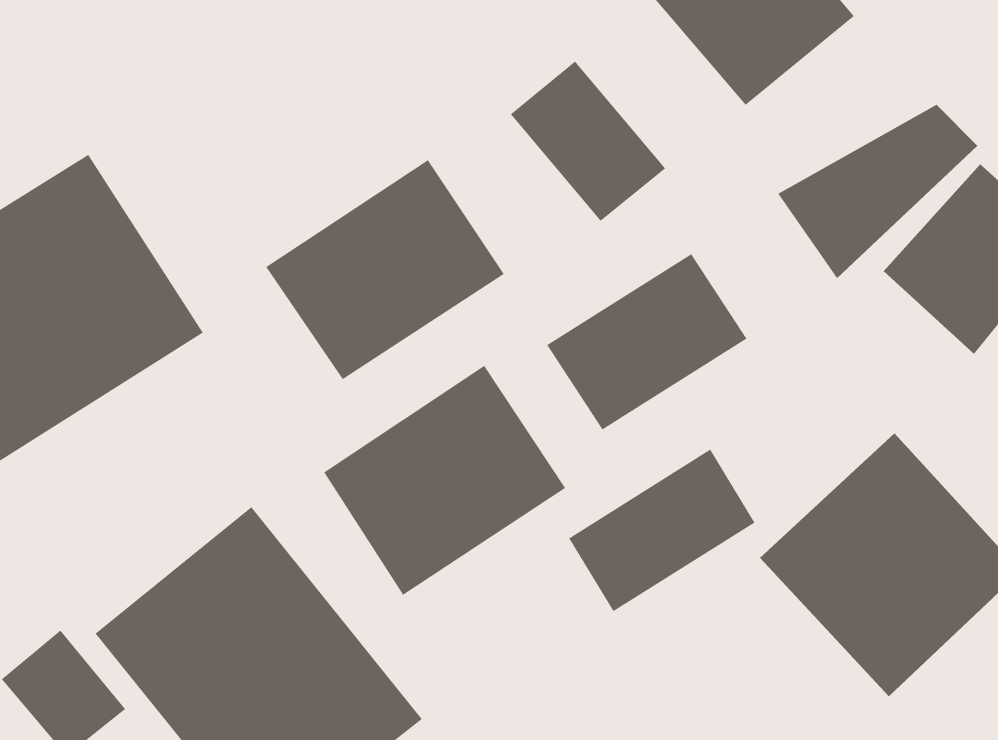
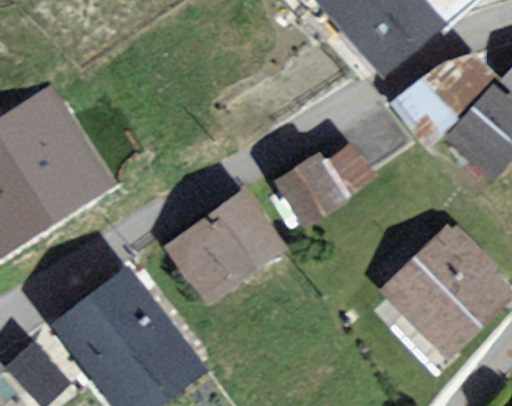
building: [510,61,666,222] -> none
building: [265,159,505,380] -> none
building: [568,449,755,612] -> none

